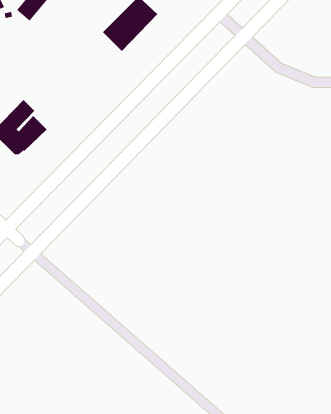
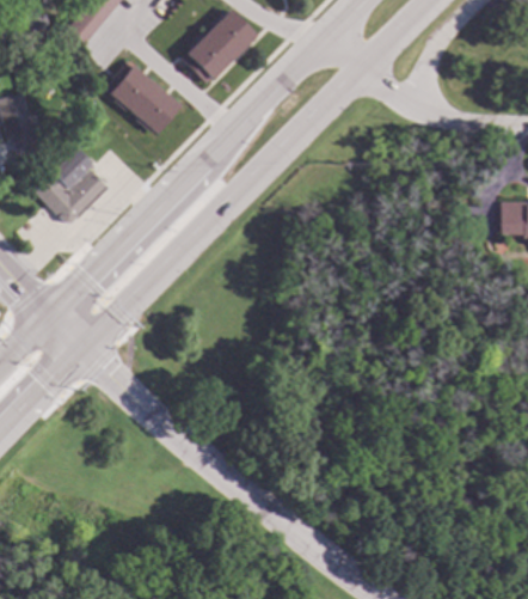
building: none -> [104,60,180,133]

